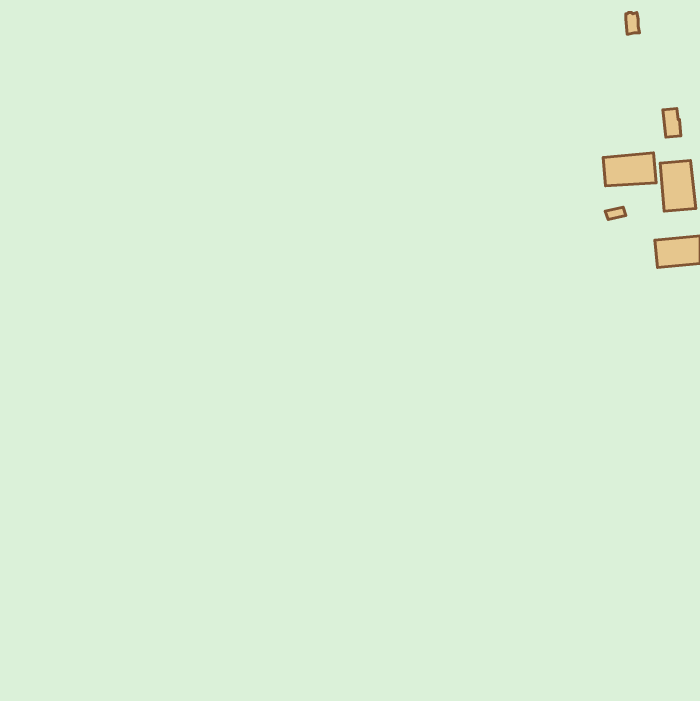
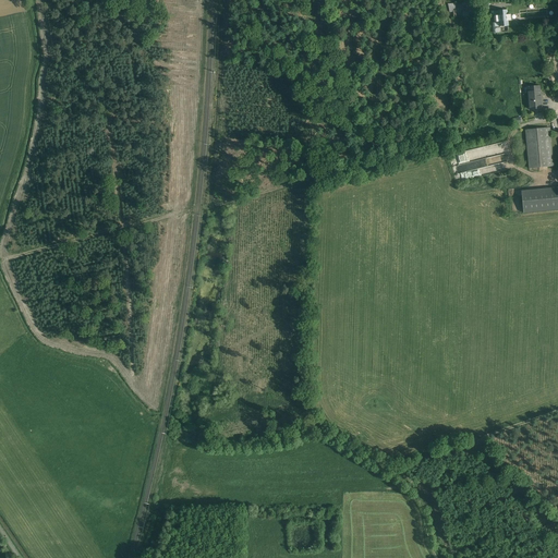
building: [603,153,656,186] -> none

